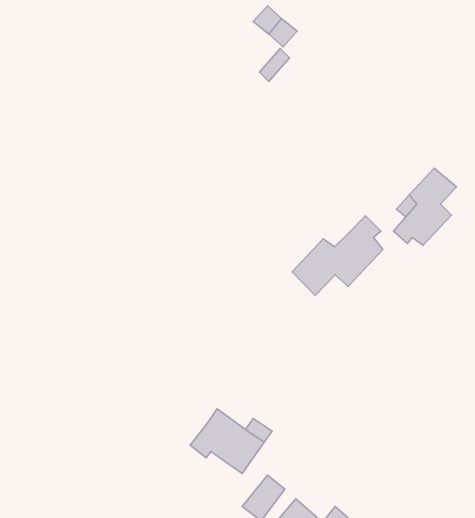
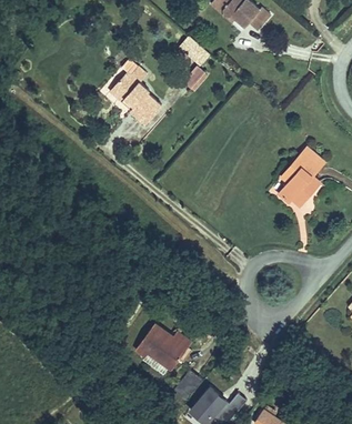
building: none -> [111,59,162,125]
building: [292,216,383,295] -> none

